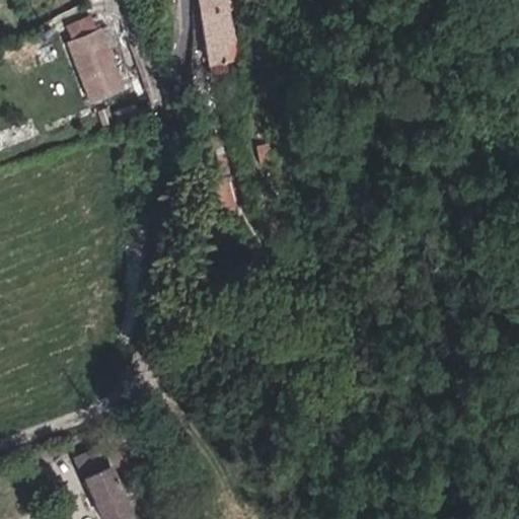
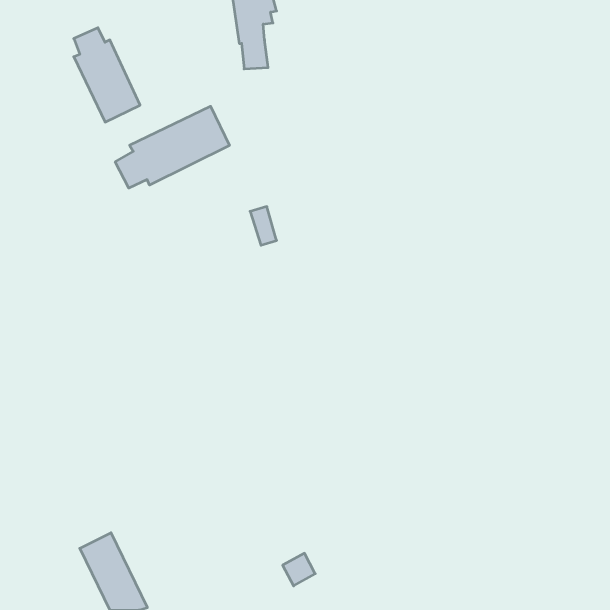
building: none -> [115,106,229,188]

